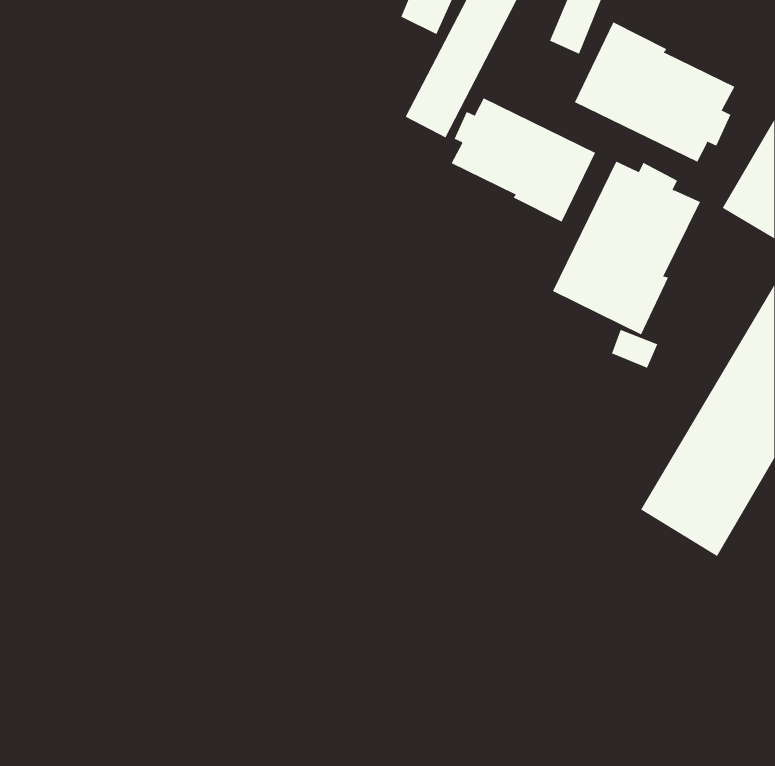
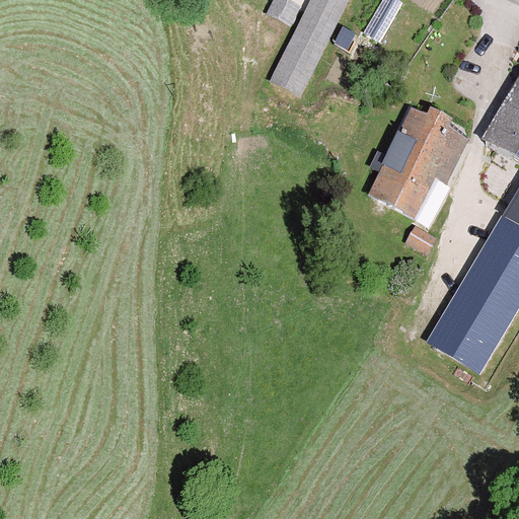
building: [574,22,735,163] -> none
building: [451,97,596,222] -> none

